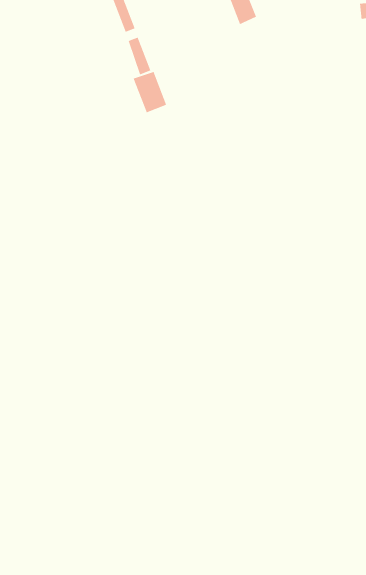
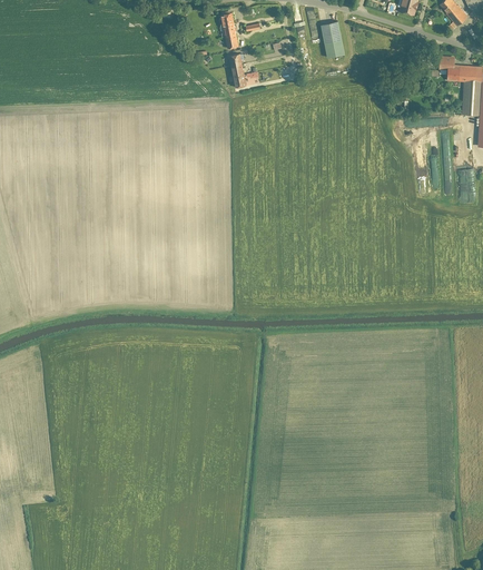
building: [133,71,167,113] -> none

